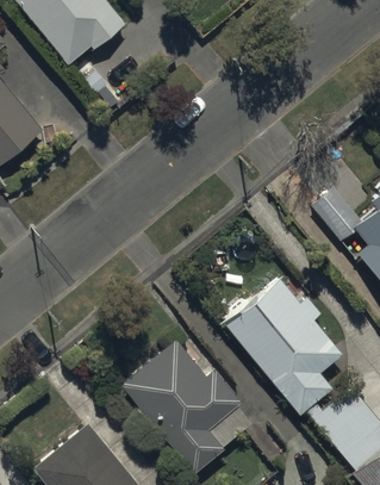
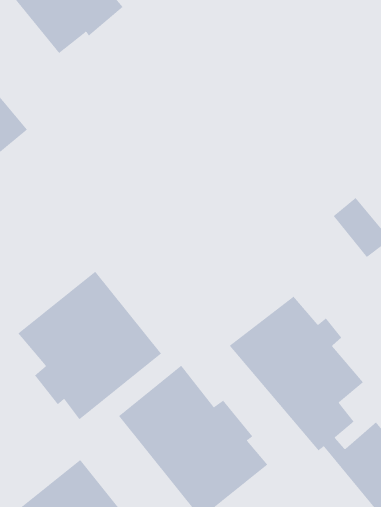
building: none -> [17,271,162,420]

